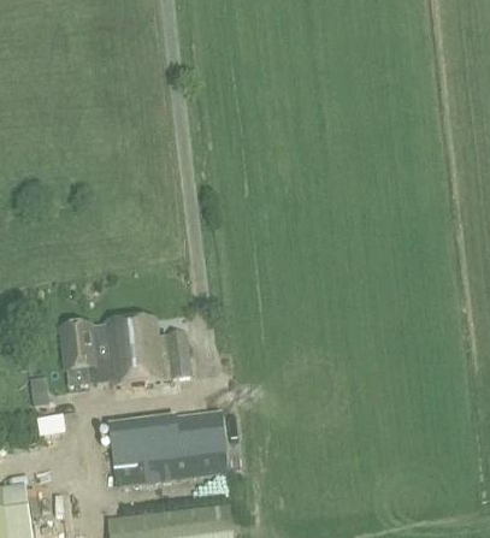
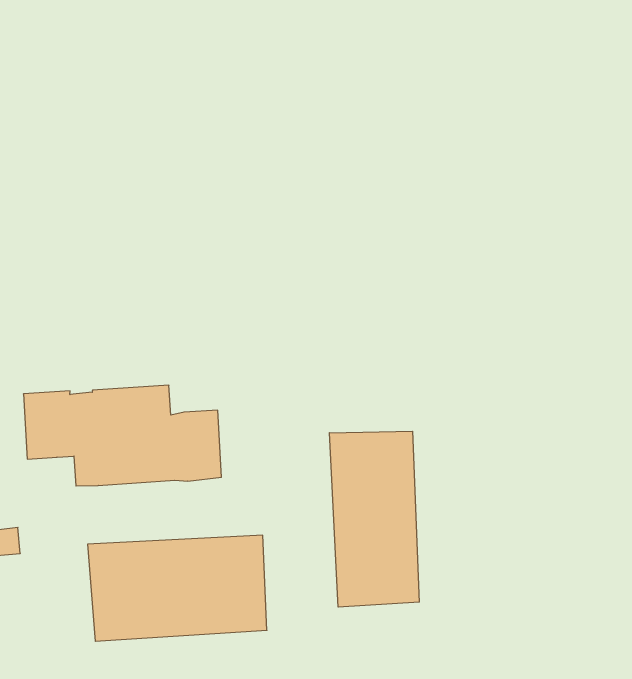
building: none -> [329,431,419,607]

